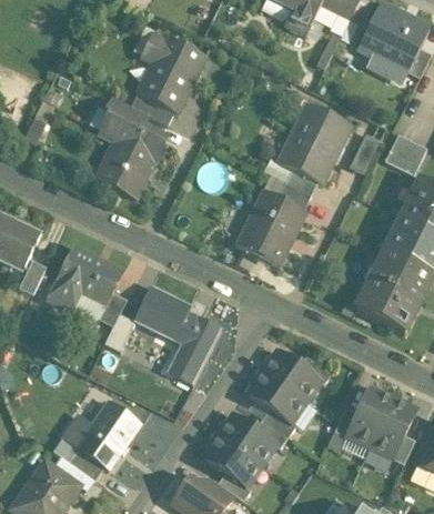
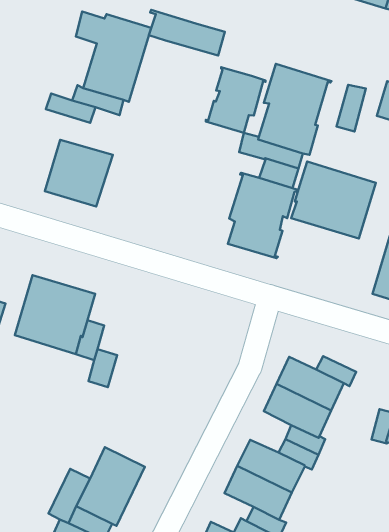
building: none -> [206,67,265,133]
building: [101,109,165,157] -> [149,10,225,55]
building: none -> [291,162,376,238]
building: [133,283,222,385] -> none

